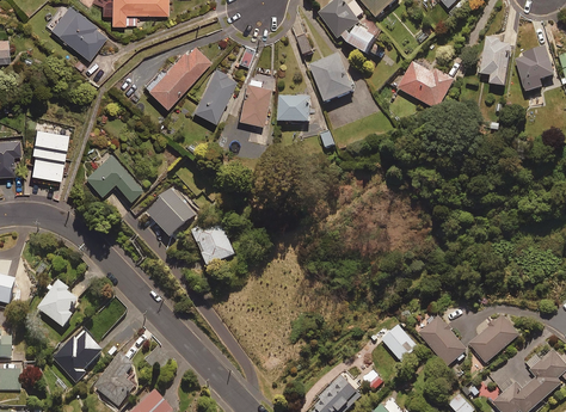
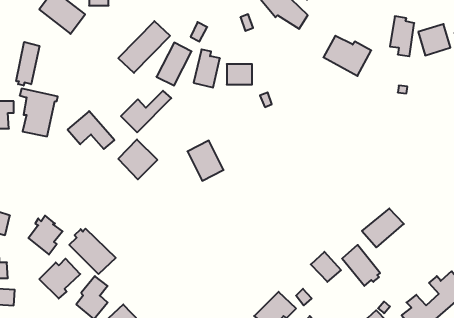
building: [310,51,355,100] -> none
building: none -> [16,42,39,86]
building: none -> [121,91,171,132]
building: [192,216,236,265] -> [187,141,224,181]
building: none -> [69,229,116,274]
building: [469,314,521,362] -> [362,208,404,247]

